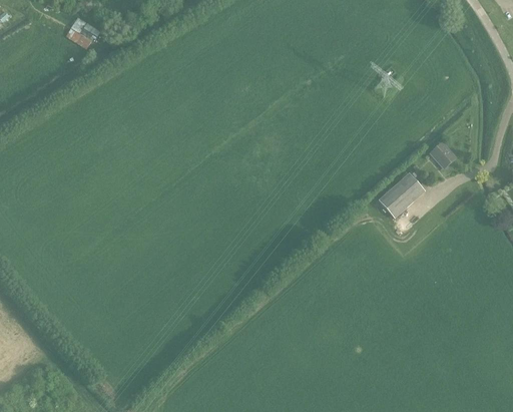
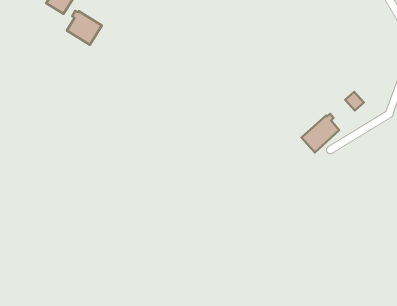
building: none -> [67,11,102,45]

